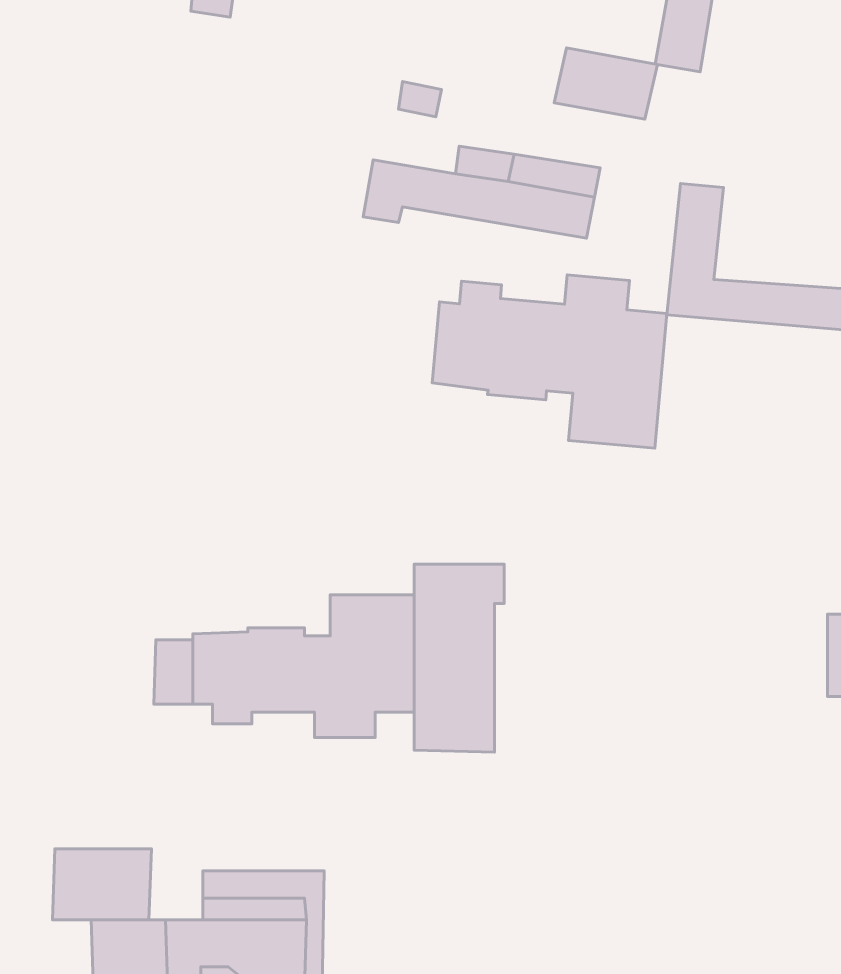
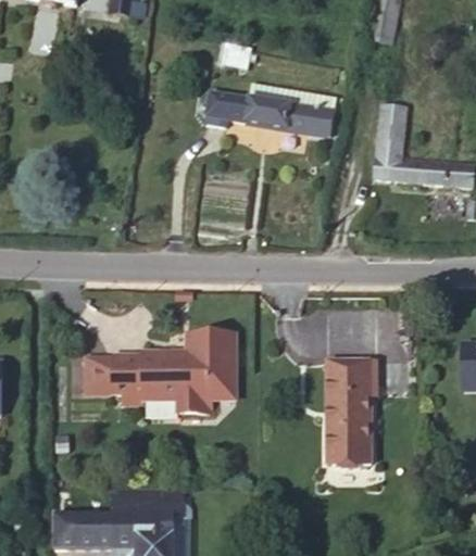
building: [554,48,657,119] -> none
building: [432,275,667,448] -> none
building: [414,564,504,752] -> [326,361,376,465]
building: [52,849,151,920] -> none

